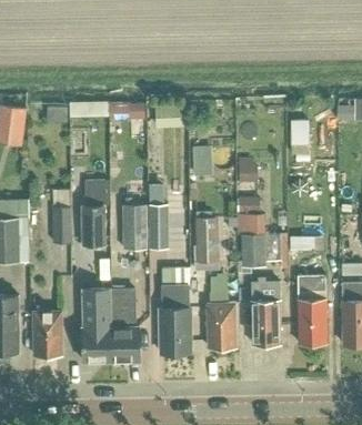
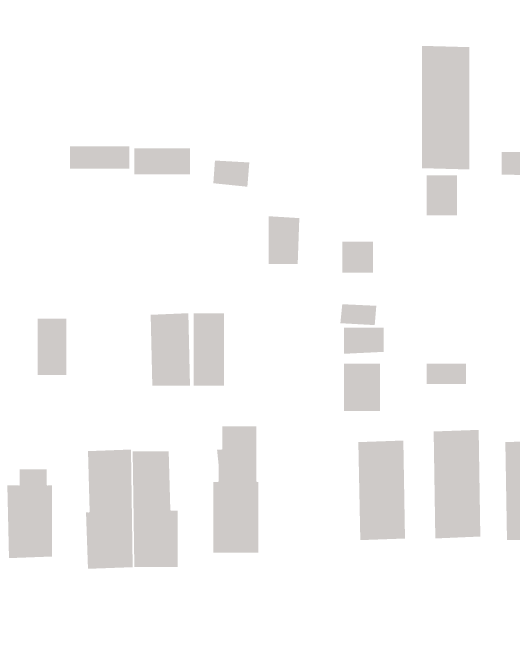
building: none -> [422,45,470,170]
building: [80,181,105,246] -> none
building: [195,219,219,262] -> none
building: [207,285,238,348] -> none

